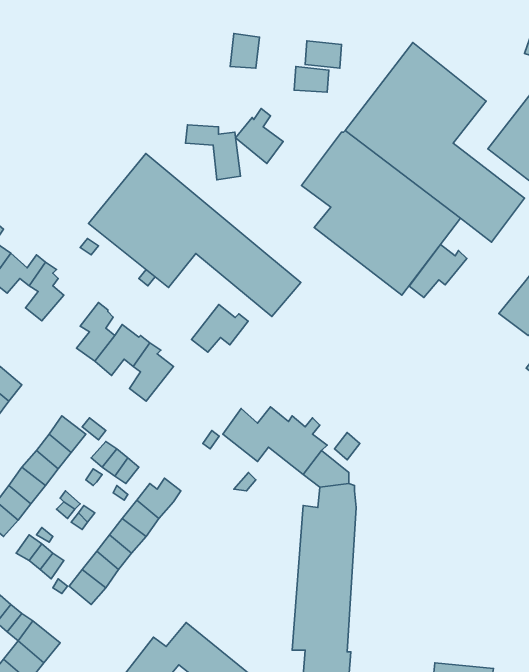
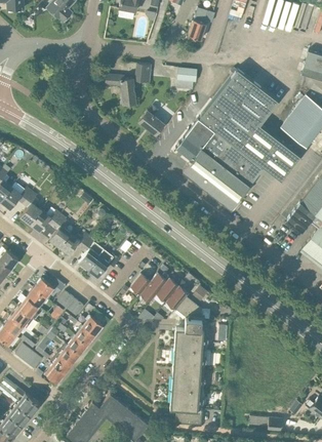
building: [186,125,240,180] -> [106,75,136,106]
building: [89,154,301,316] -> none
building: [409,245,467,297] -> none
building: none -> [30,208,62,233]
building: [191,305,248,352] -> [88,250,120,277]

